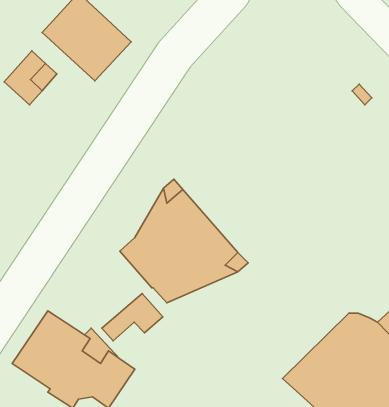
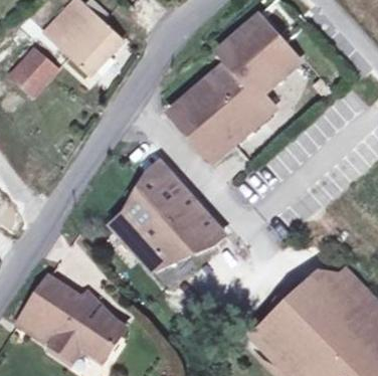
building: none -> [169,13,300,157]
building: [102,294,163,341] -> none

